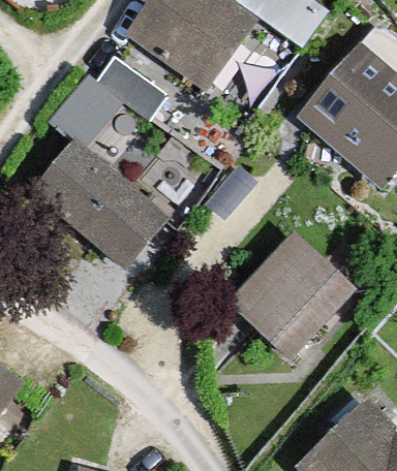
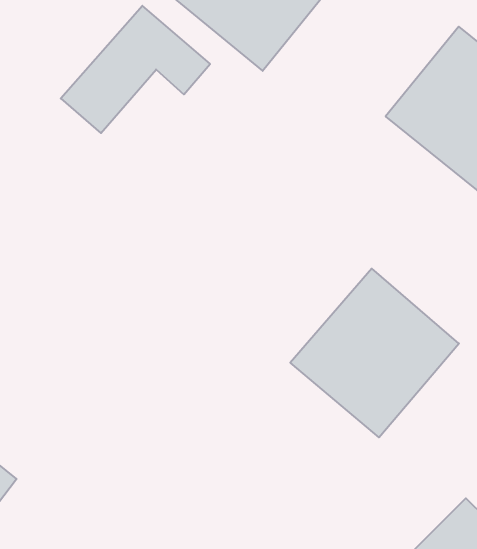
building: [43,135,182,259] -> none

